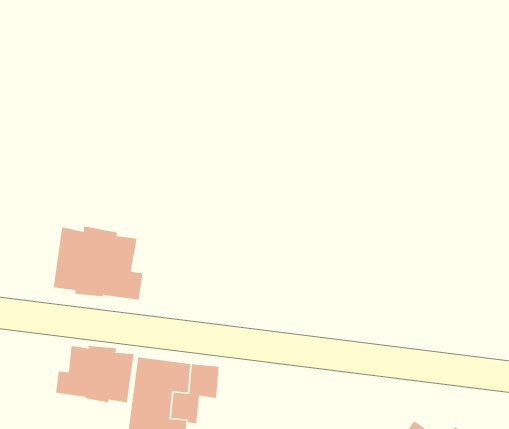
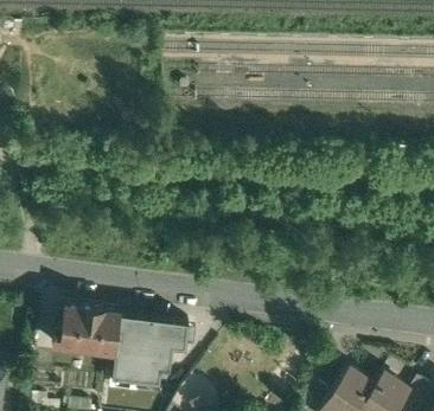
building: [53,226,143,301] -> none

